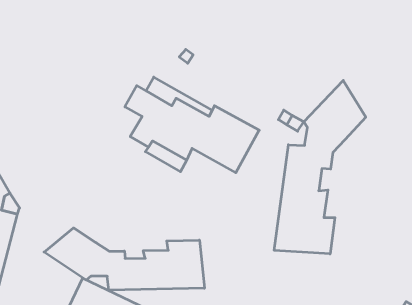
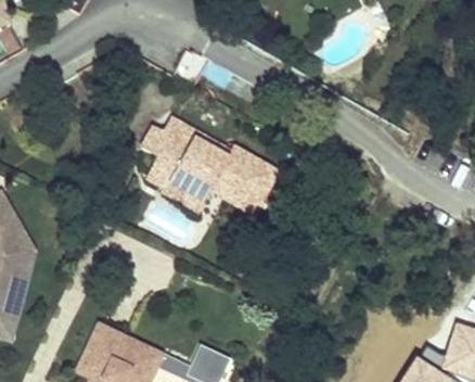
building: [274,80,366,254] -> none
building: [44,228,204,290] -> none

